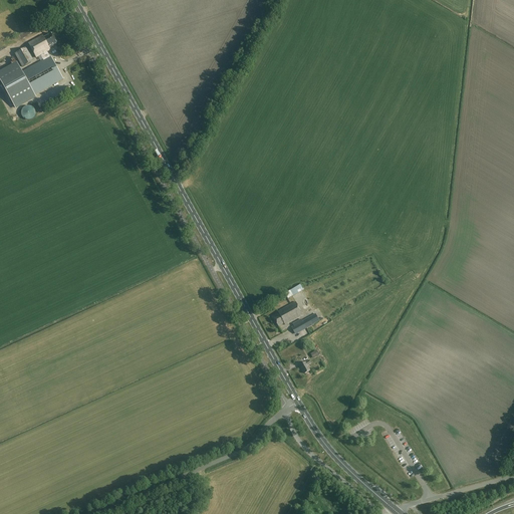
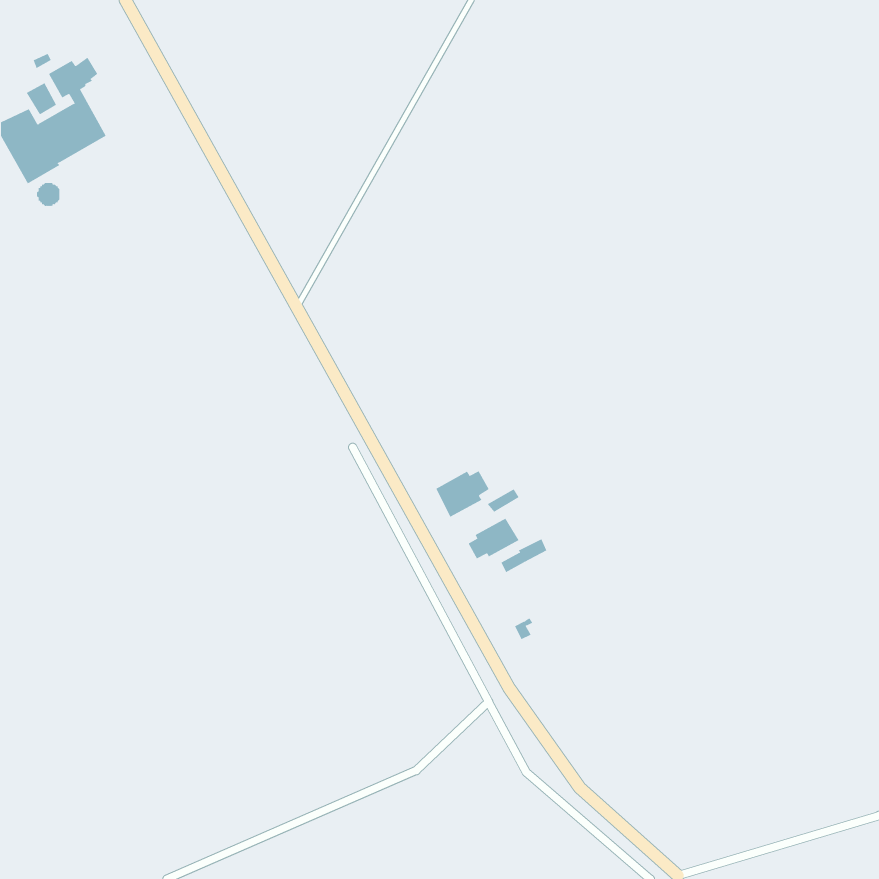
building: none -> [435,470,490,518]

